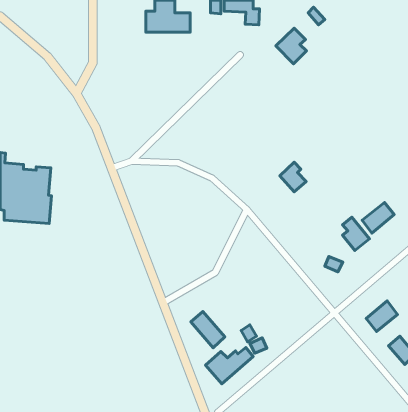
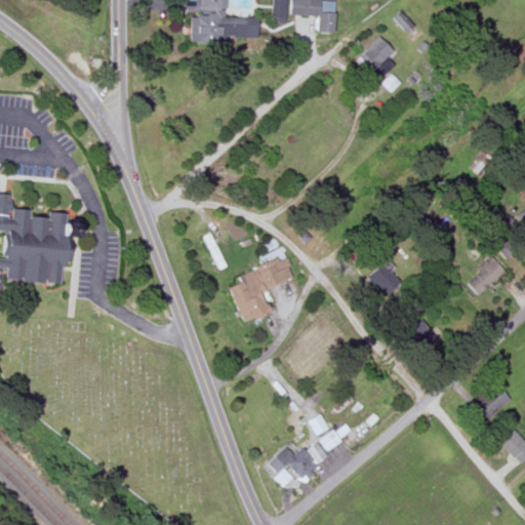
building: [280,162,306,192] -> [371,256,405,294]
building: none -> [227,257,294,322]
building: [342,217,370,251] -> none
building: [191,312,225,348] -> none

